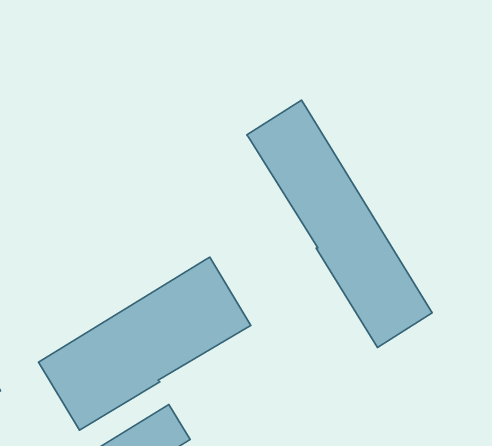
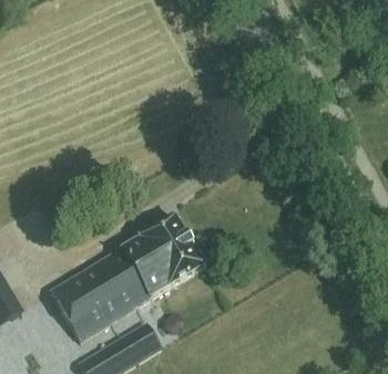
building: [247,100,432,348] -> none

